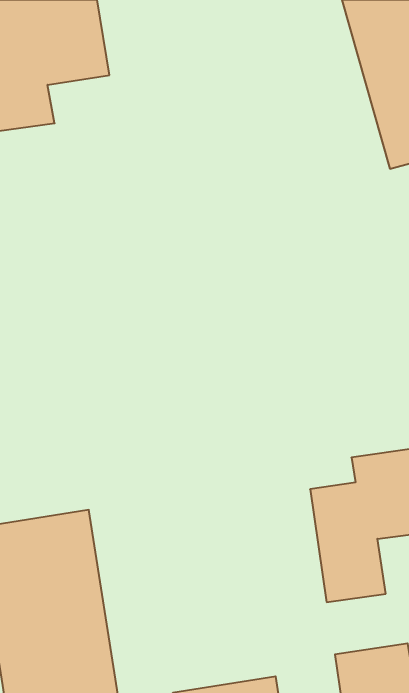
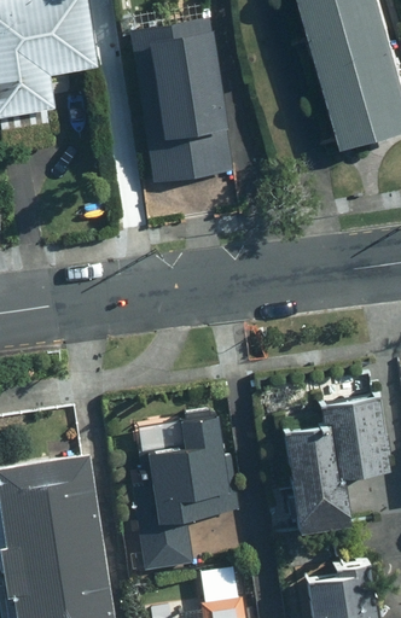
building: none -> [127,23,233,182]
building: none -> [132,414,240,567]

